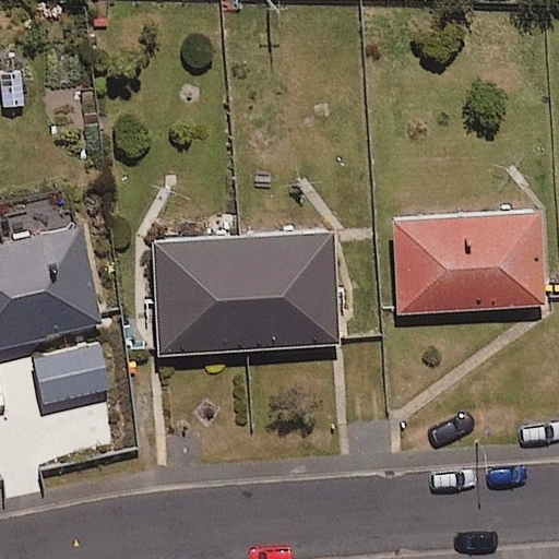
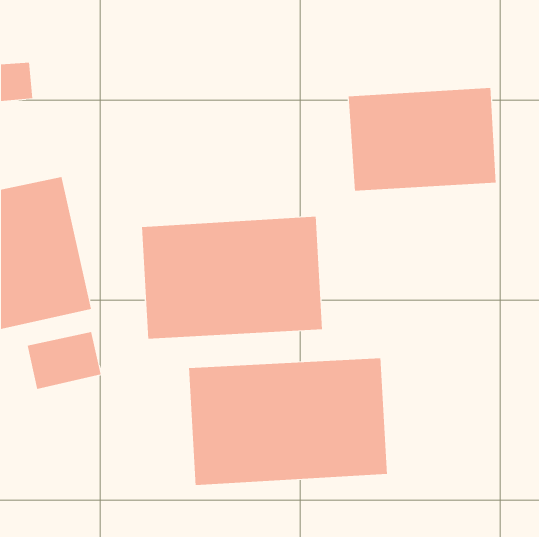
building: [392,211,544,317] -> [348,88,496,191]
building: none -> [188,357,387,486]

